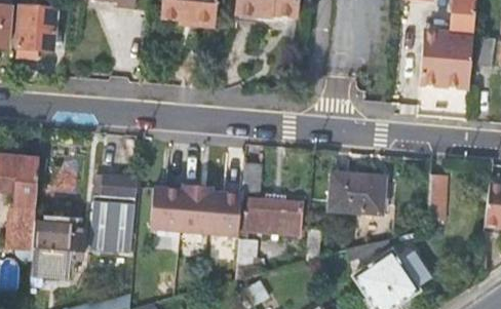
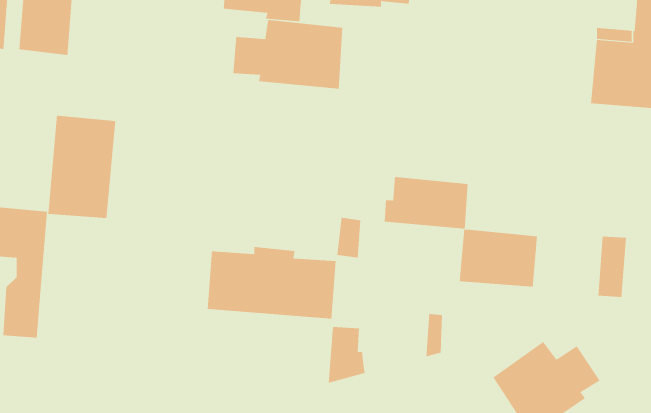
building: none -> [233,19,343,89]
building: [90,173,139,246] -> [48,115,116,219]
building: [241,198,301,235] -> [384,177,468,229]
building: [31,222,82,280] -> none

